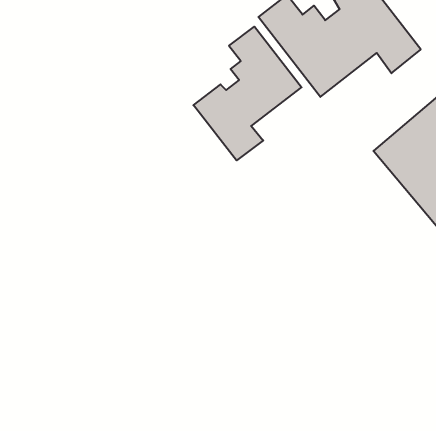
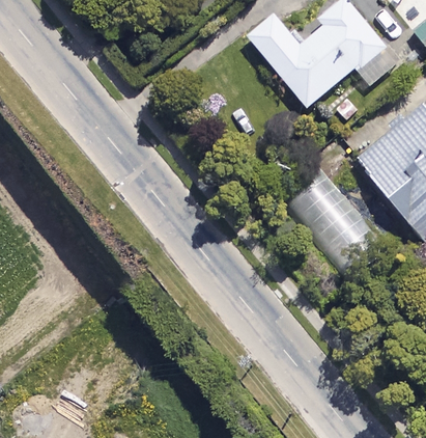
building: [193,27,302,160] -> none

